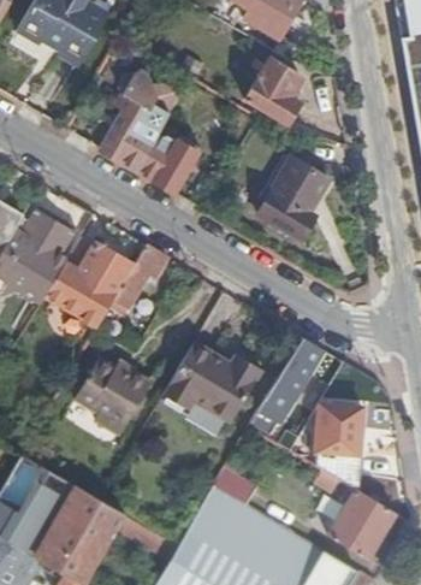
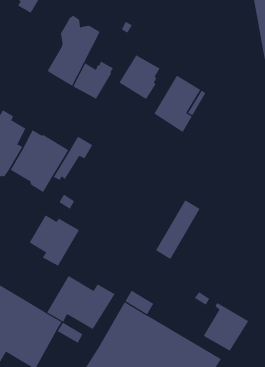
building: [244,59,306,125] -> [118,54,161,100]
building: [162,342,263,421] -> [46,275,115,330]
building: [308,402,363,454] -> none

